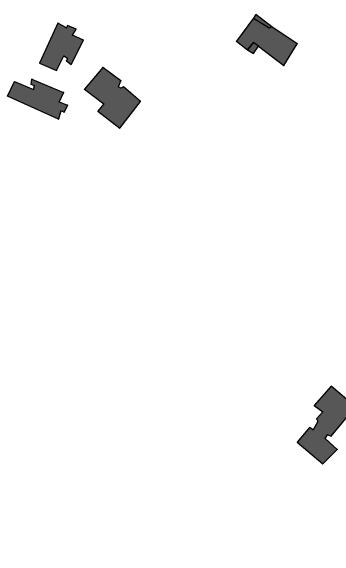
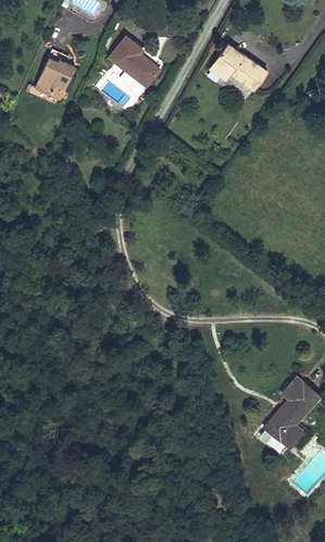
building: [84,67,140,128] -> [109,38,159,92]
building: [7,79,68,119] -> none

